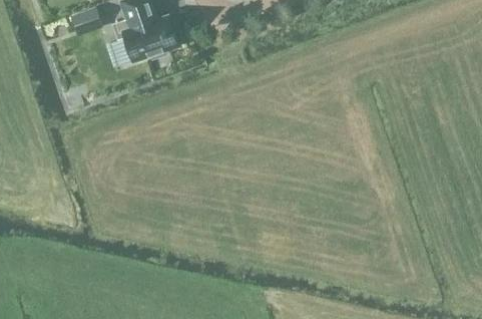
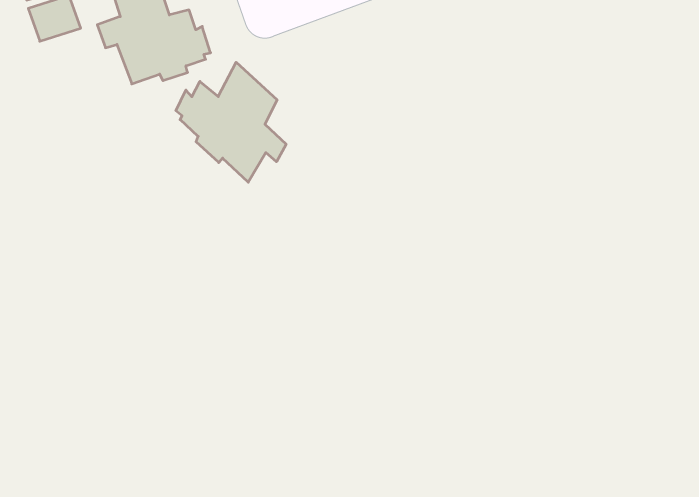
building: none -> [176,62,286,182]

